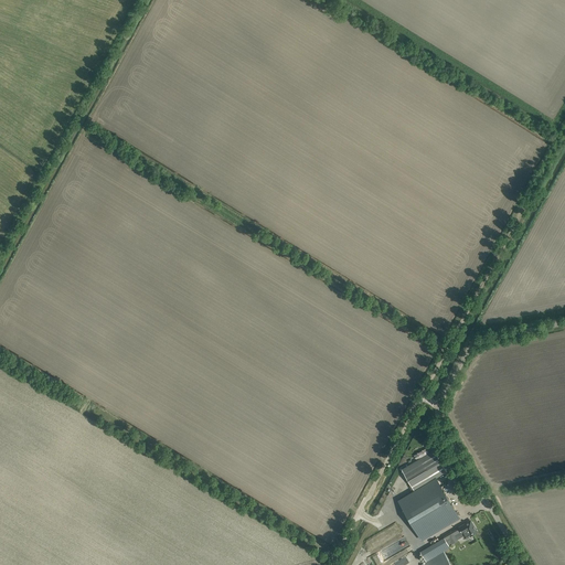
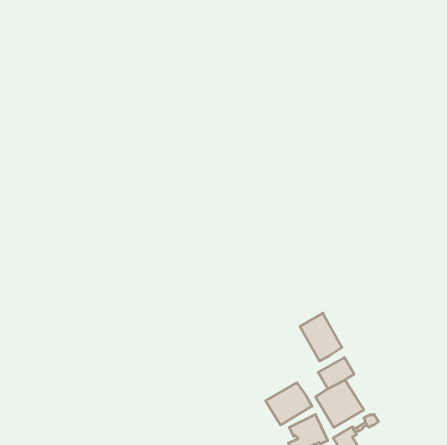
building: none -> [300,313,342,361]
building: none -> [266,383,312,425]

